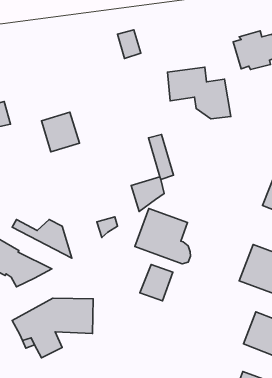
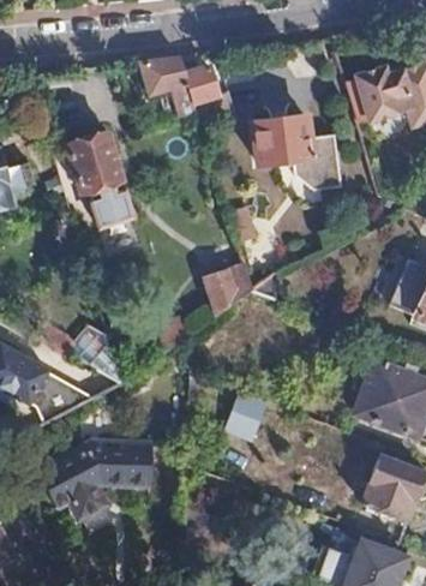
building: none -> [142,54,197,110]
building: none -> [68,132,124,191]
building: [135,209,191,264] -> none

